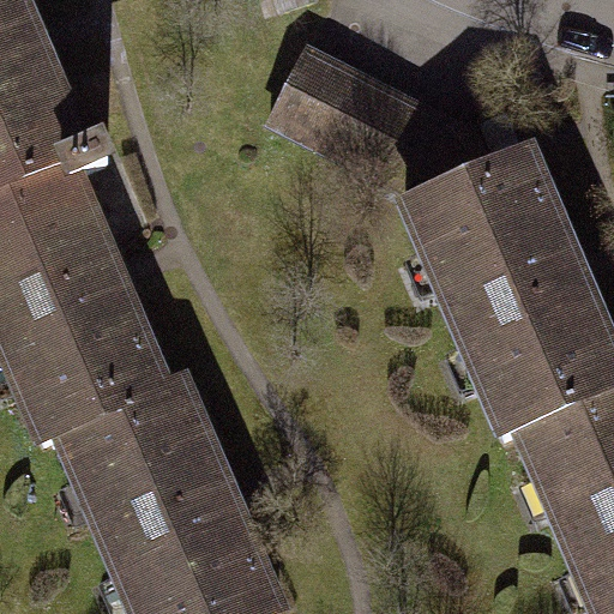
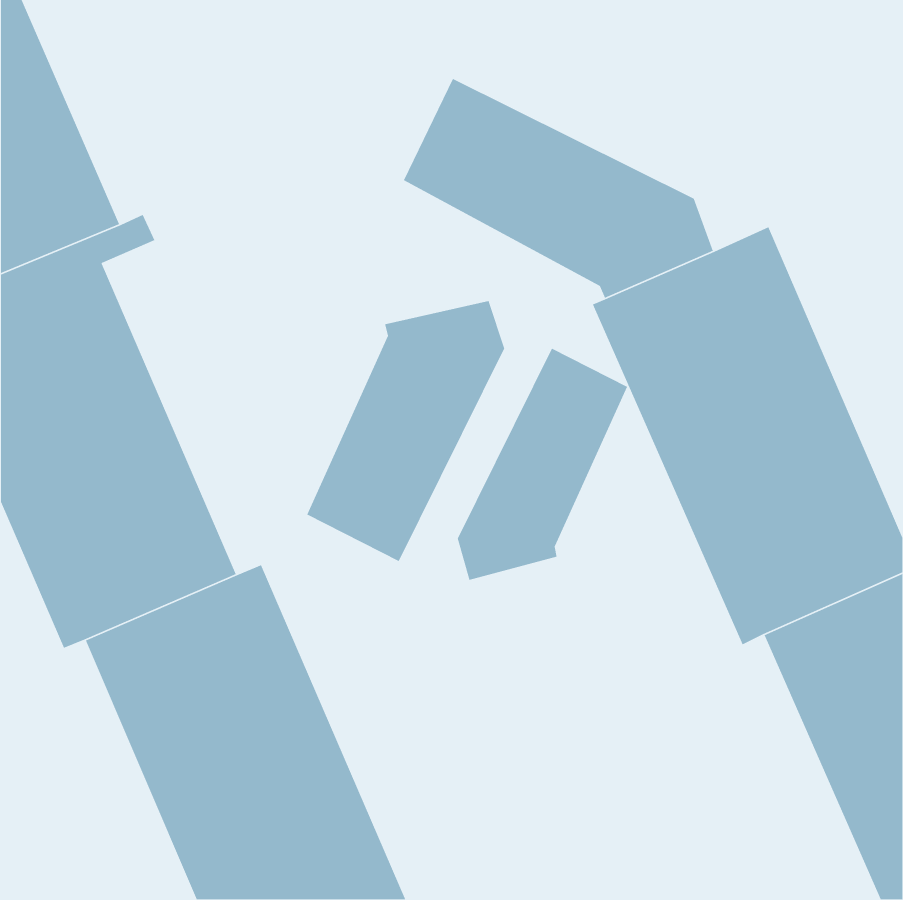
building: none -> [306,300,505,562]
building: none -> [457,347,628,581]

